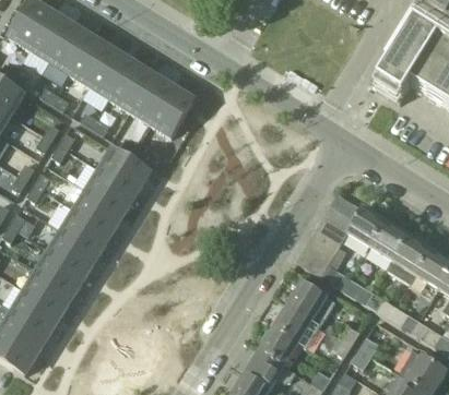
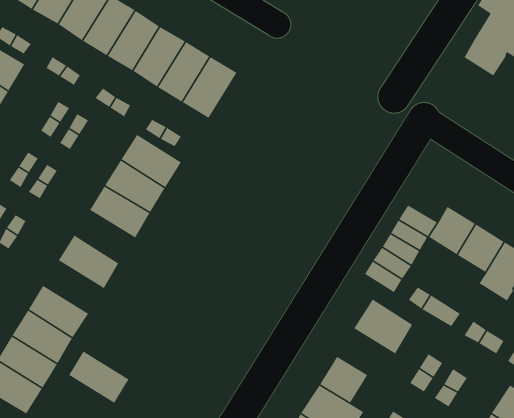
building: [63,208,113,251] -> none
building: [38,249,87,291] -> [68,351,129,404]
building: [274,303,321,346] -> none

